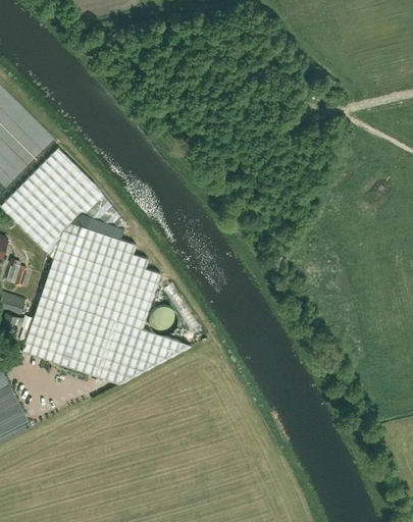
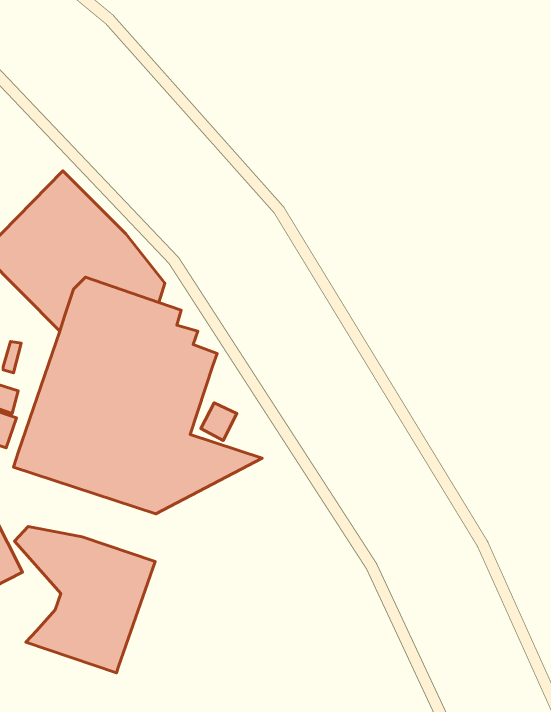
building: none -> [14,526,155,673]

